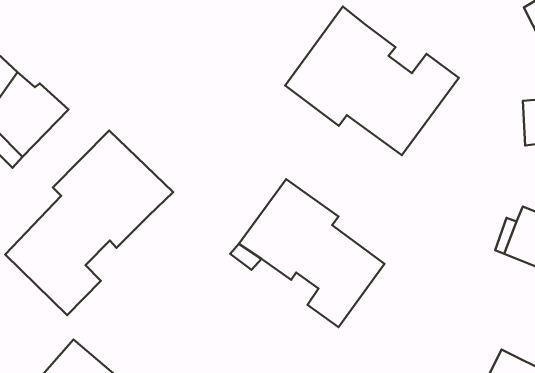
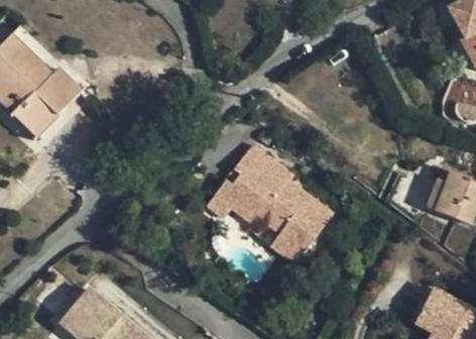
building: [285,6,459,155] -> none
building: [5,131,173,315] -> none

